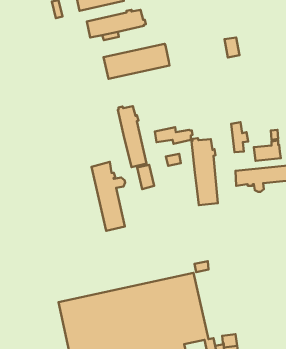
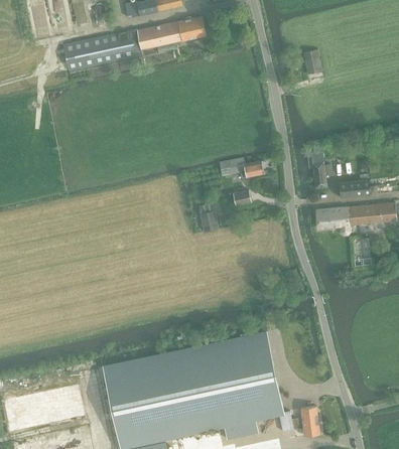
building: [103,44,170,79] -> [62,28,142,70]
building: [118,106,146,167] -> none
building: [192,138,218,205] -> none
building: [91,162,125,231] -> none

